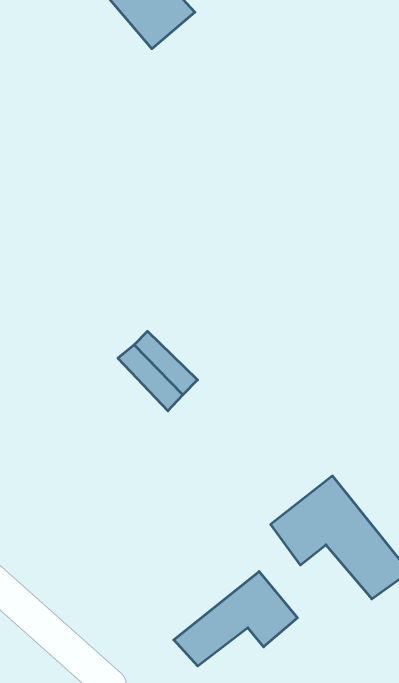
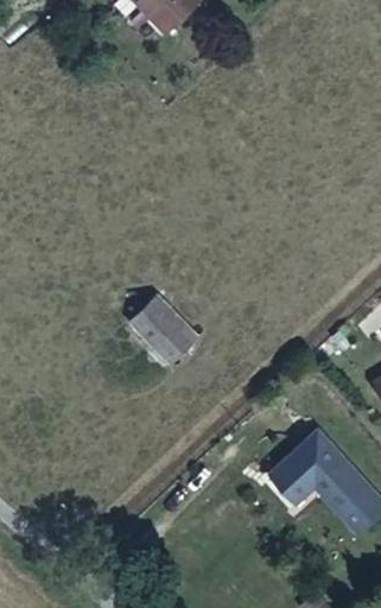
building: [174,571,297,666] -> none

